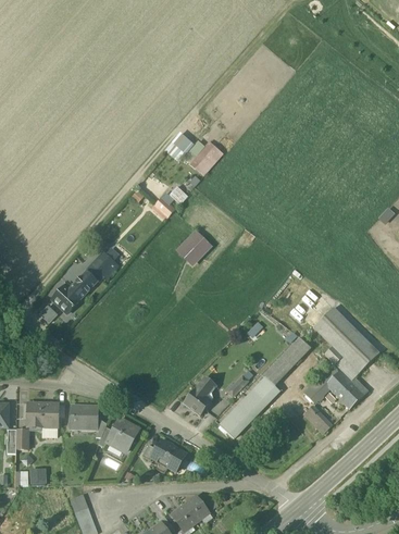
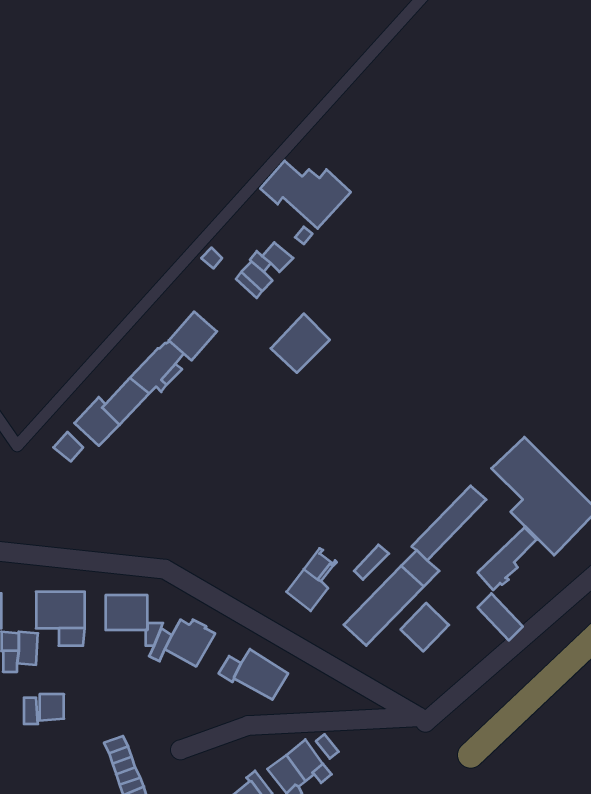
building: none -> [169,312,217,360]
building: [326,371,367,408] -> none
building: none -> [401,603,449,651]

